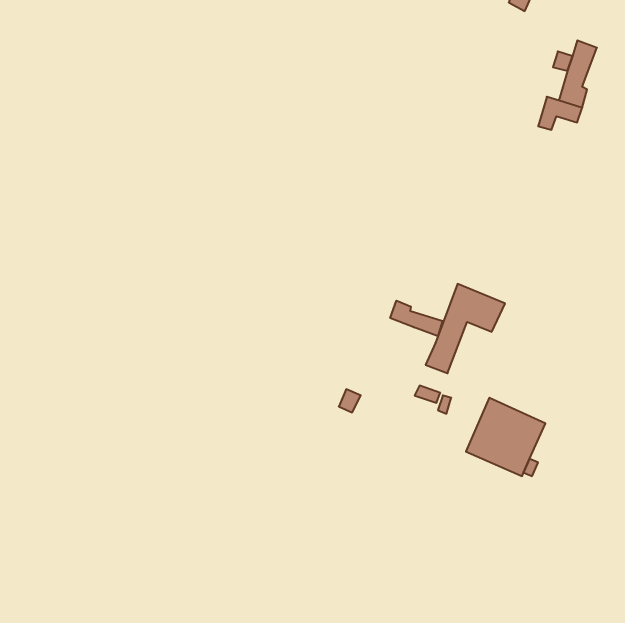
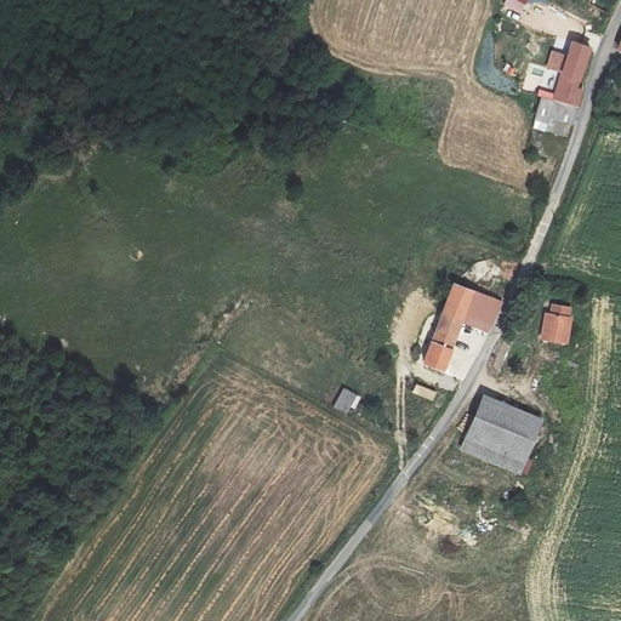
building: [390,301,443,336] -> none
building: none -> [542,301,571,341]

